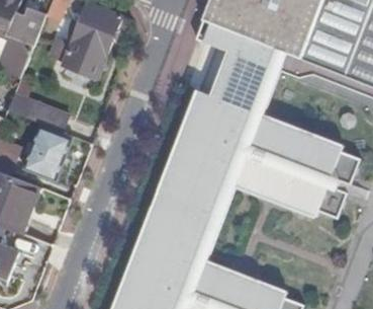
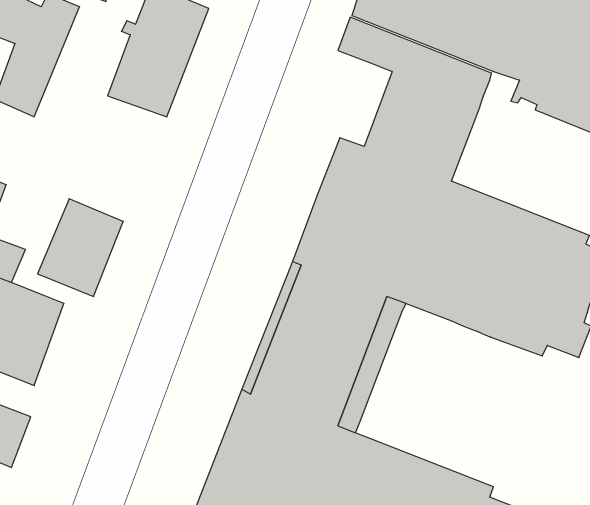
building: [7,90,68,132] -> none

